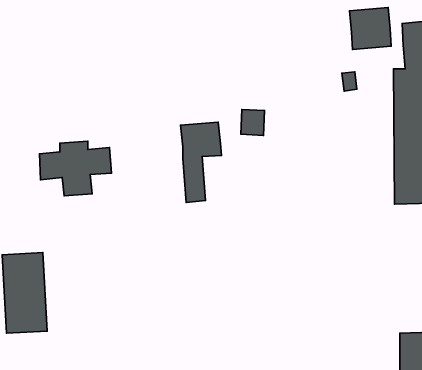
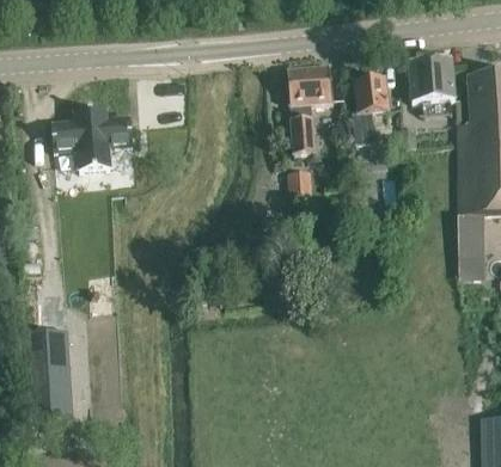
building: none -> [353,76,389,146]
building: [181,122,222,203] -> [287,64,332,154]
building: [39,141,112,196] -> [51,109,132,170]

